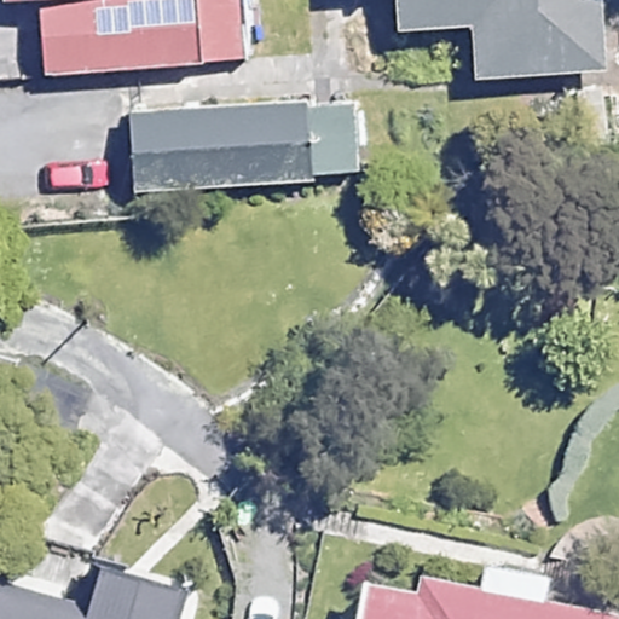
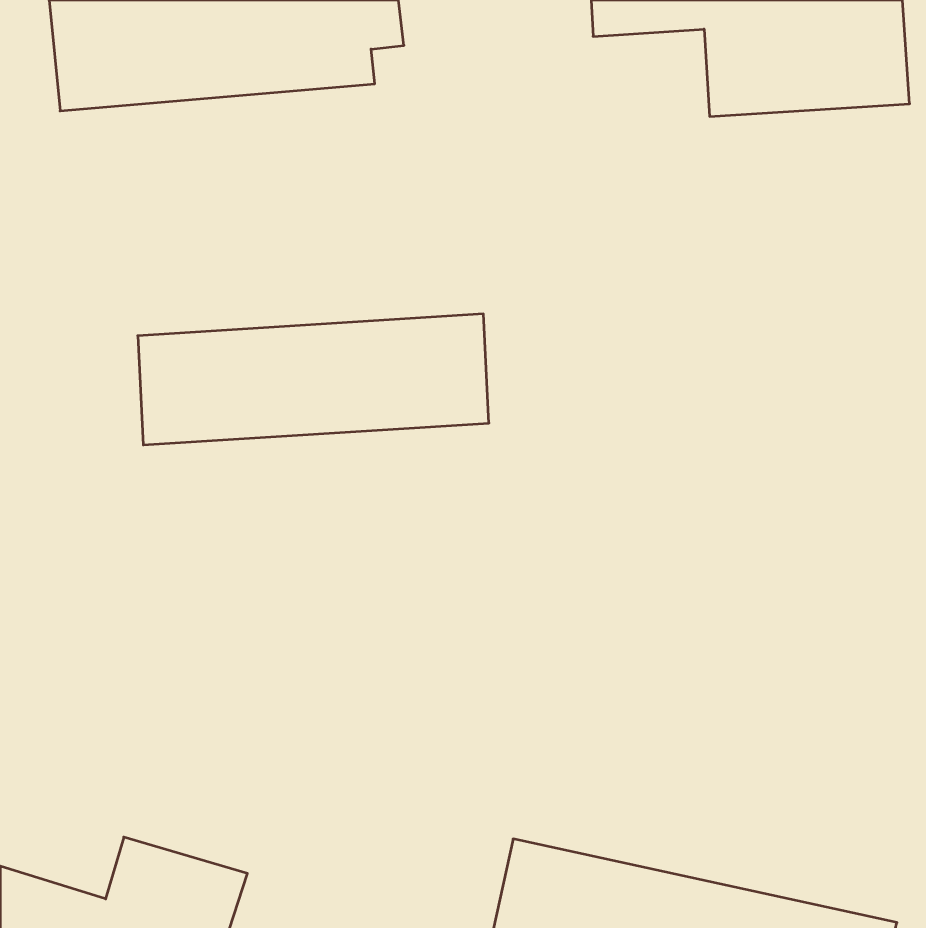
building: [131,103,364,190] -> [138,314,489,445]

